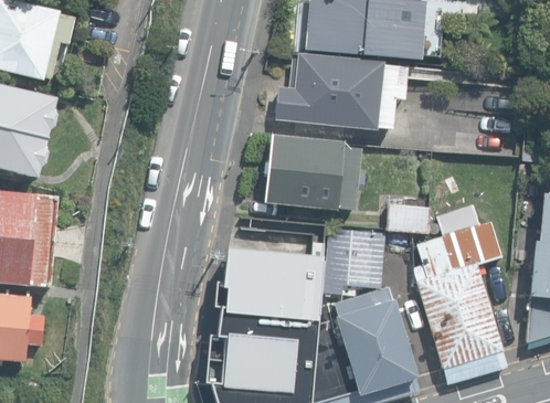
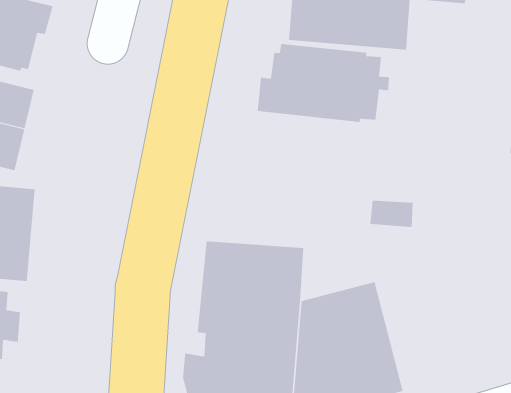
building: [263,135,361,210] -> none
building: [412,201,508,381] -> none
building: [320,229,382,296] -> none

